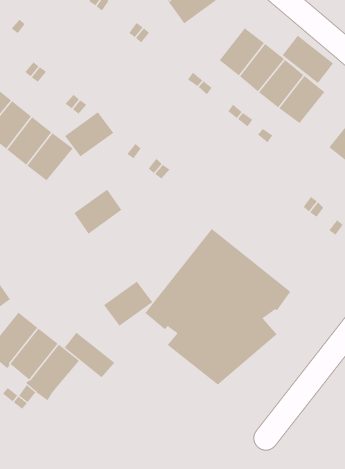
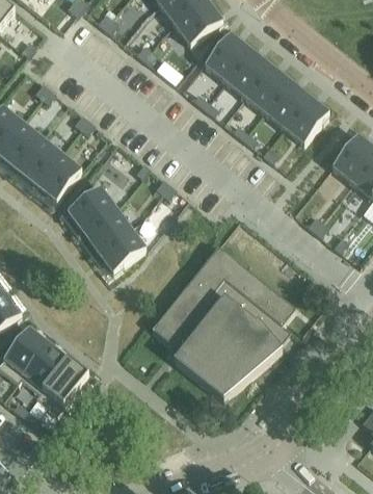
building: none -> [204,32,249,80]
building: [282,35,334,84] -> none
building: [64,112,114,157] -> [66,185,115,230]
building: [103,281,153,326] -> [97,227,145,271]
building: [64,332,115,378] -> none

